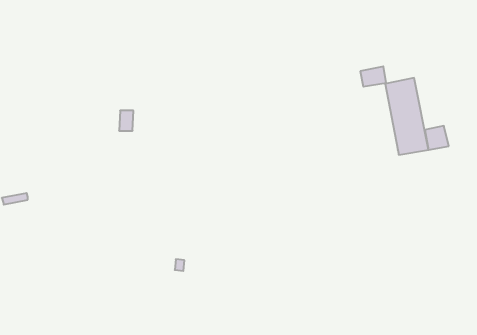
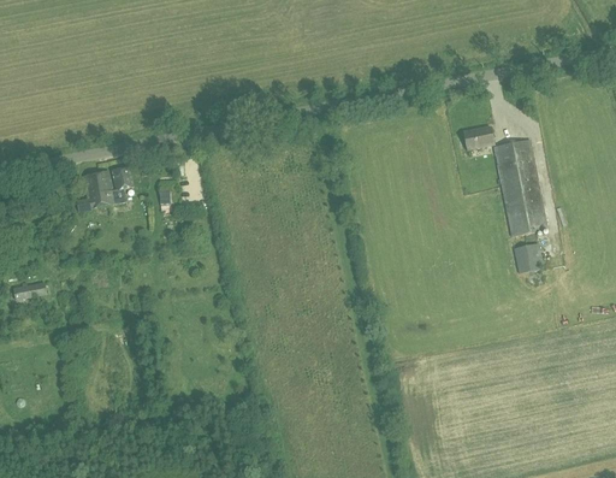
building: none -> [77,166,132,211]
building: [425,126,449,150] -> [514,242,544,272]

